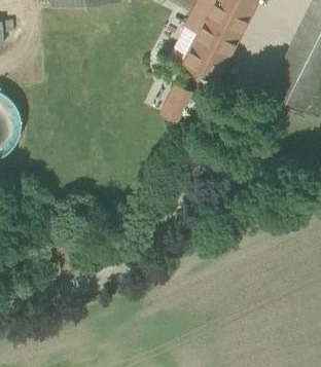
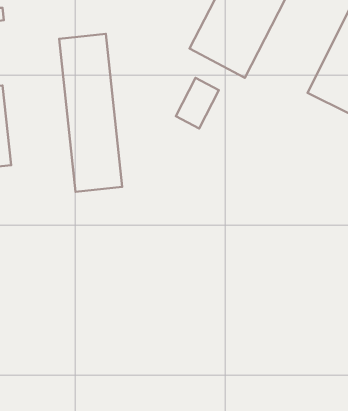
building: none -> [59,34,122,192]

